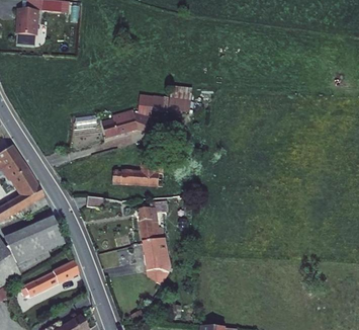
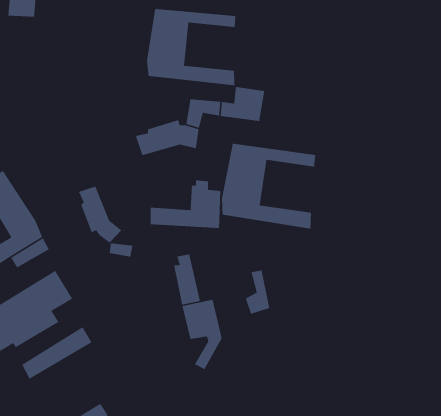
building: none -> [146,8,236,86]
building: none -> [221,143,316,230]
building: none -> [78,186,122,243]
building: none -> [245,269,270,315]

